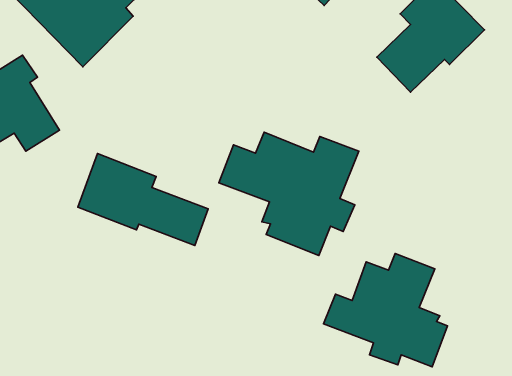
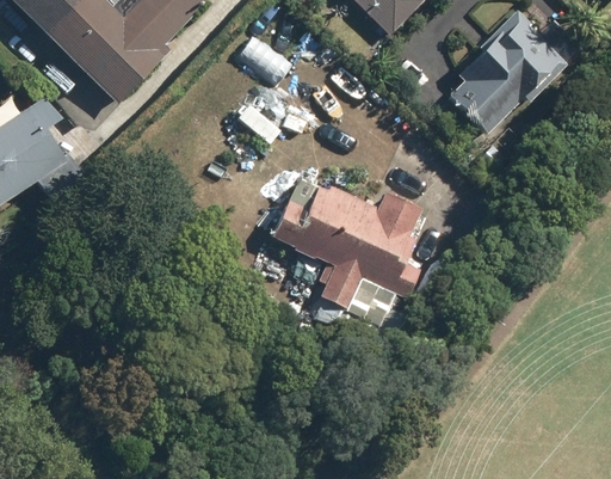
building: [78,154,208,246] -> none
building: [323,253,448,367] -> none

